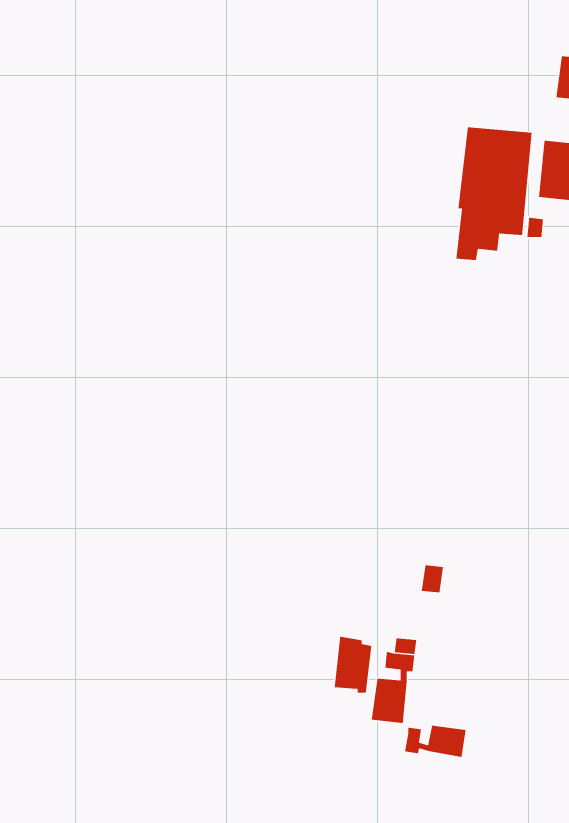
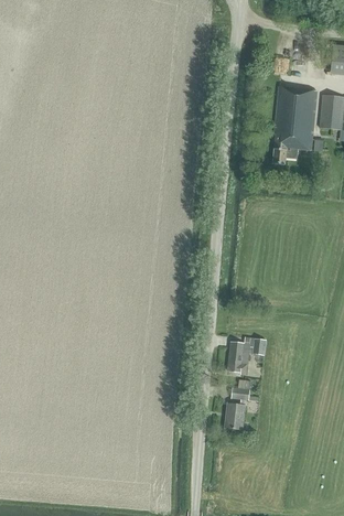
building: [334,636,372,694] -> [227,341,249,374]
building: [404,725,466,758] -> none

